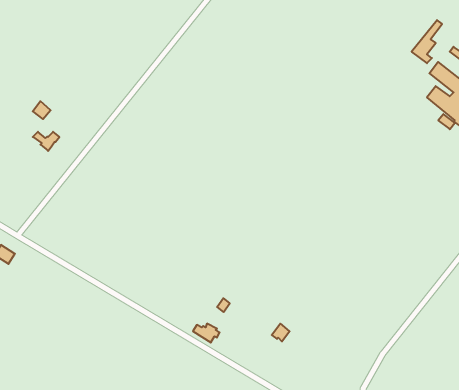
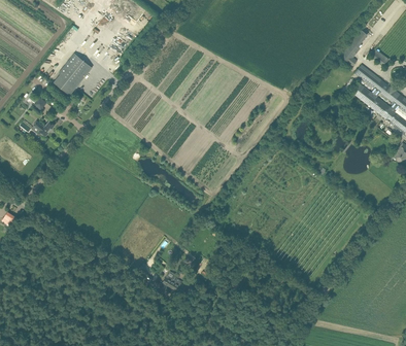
building: none -> [54,53,92,95]

